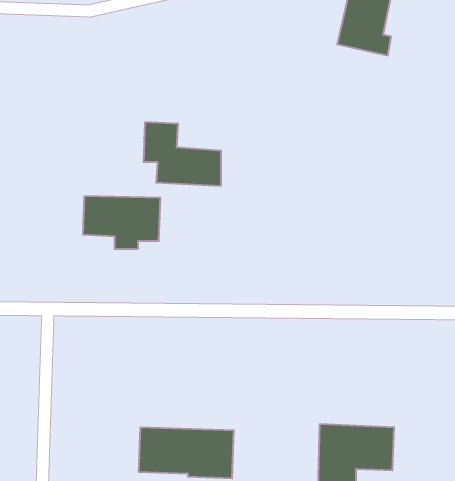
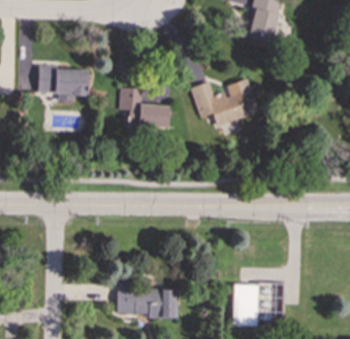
building: none -> [191,79,259,127]
building: [83,196,161,249] -> [38,68,89,102]

